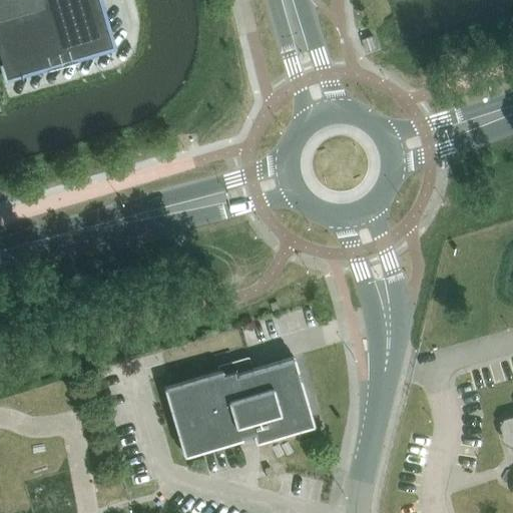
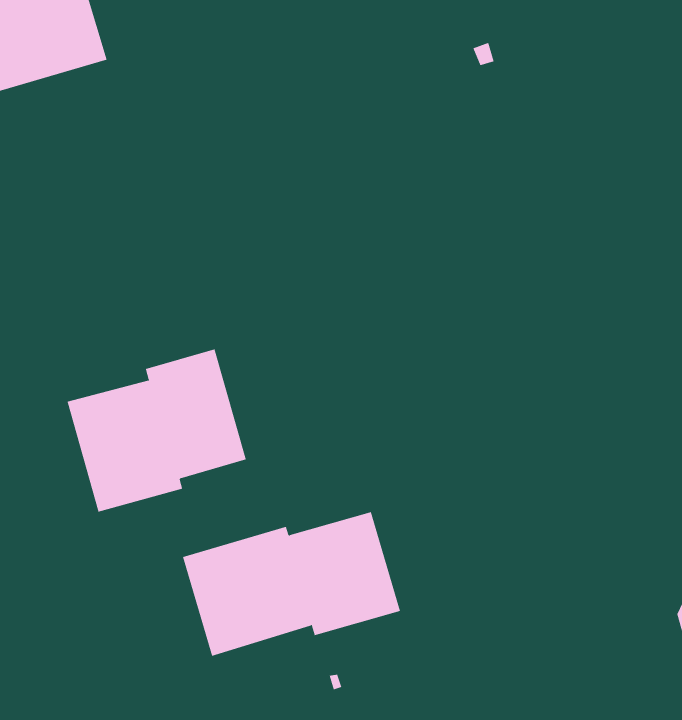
building: none -> [67,348,247,513]

